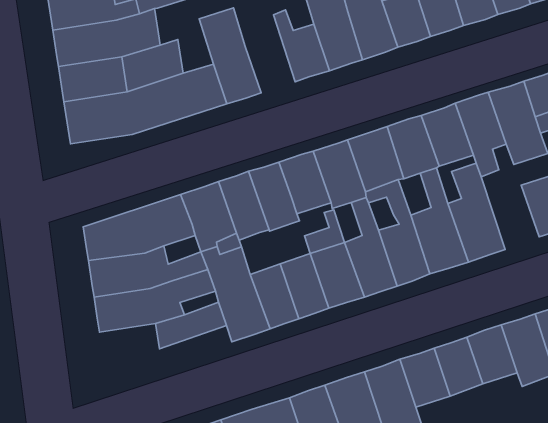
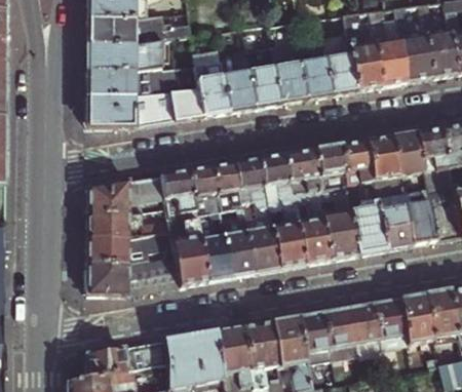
building: none -> [222,56,254,111]
building: none -> [376,190,411,249]
building: none -> [86,264,180,295]

